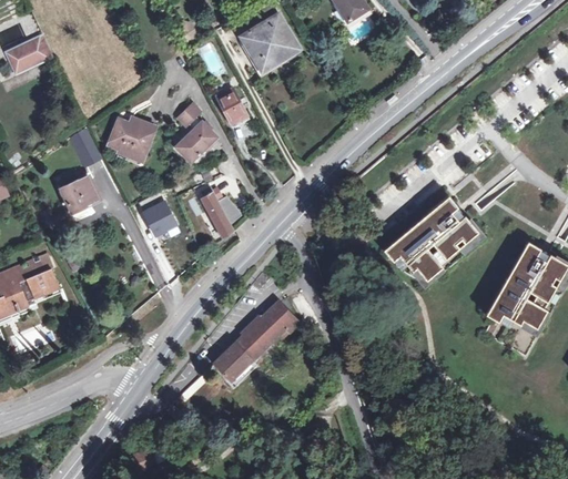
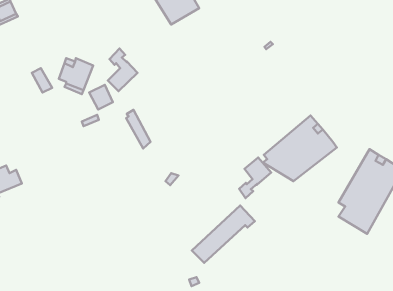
building: [215,86,247,124] -> none
building: [61,176,98,211] -> none
building: [144,201,176,234] -> [89,85,113,110]
building: none -> [239,157,271,198]
building: [213,302,298,379] -> [192,205,255,263]

